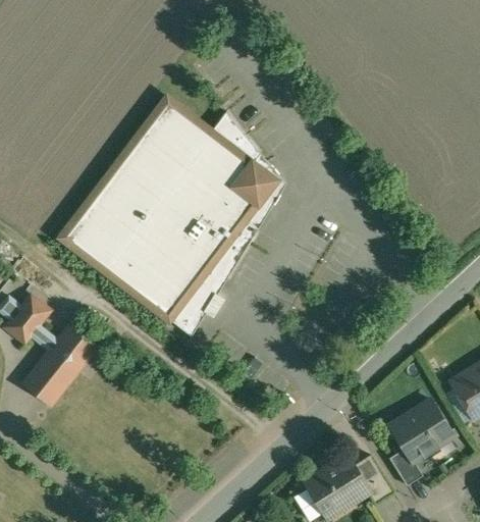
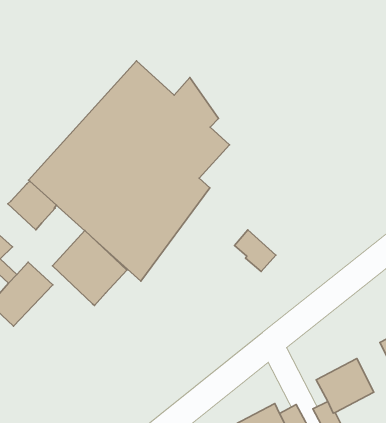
building: none -> [8,181,56,230]
building: none -> [234,230,276,272]
building: none -> [52,231,127,306]

